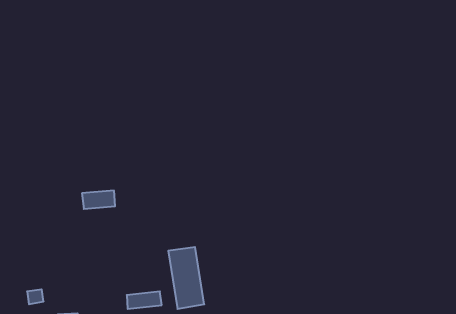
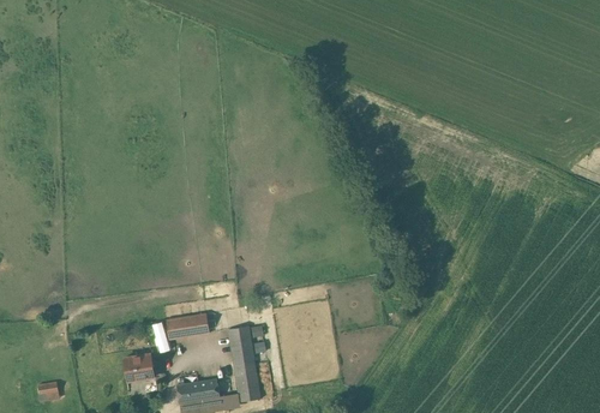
building: [82,191,115,209] -> [160,316,203,340]
building: none -> [125,354,156,381]

